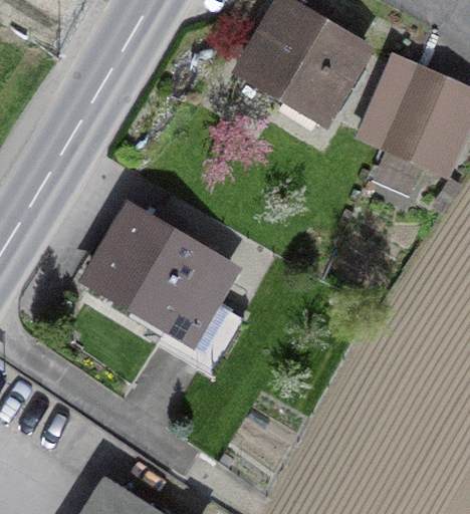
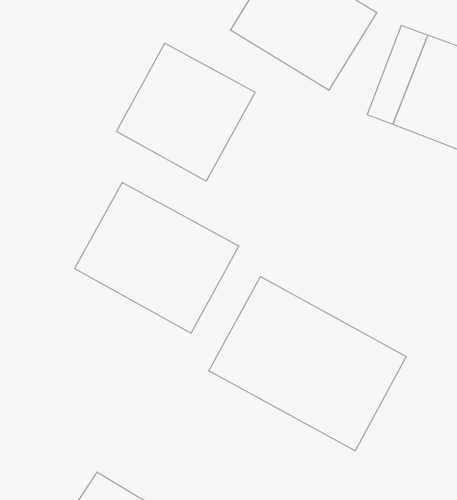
building: none -> [117,43,255,181]
building: none -> [209,276,406,451]

